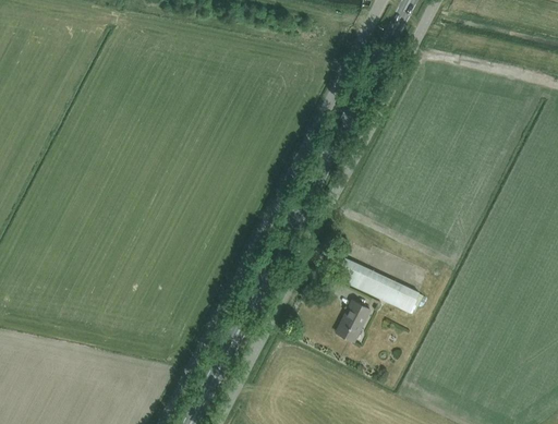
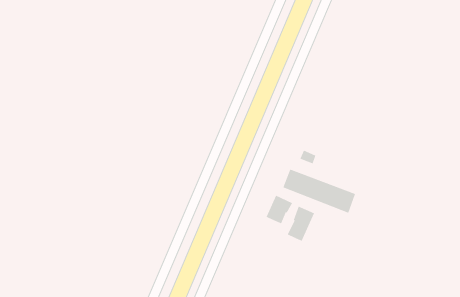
building: none -> [266,195,293,225]

